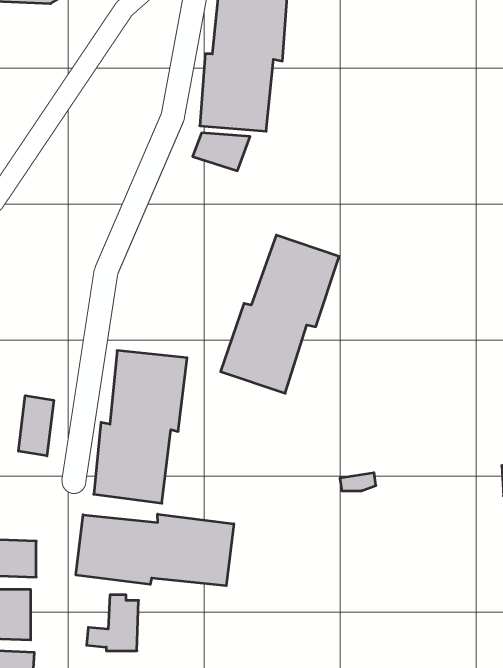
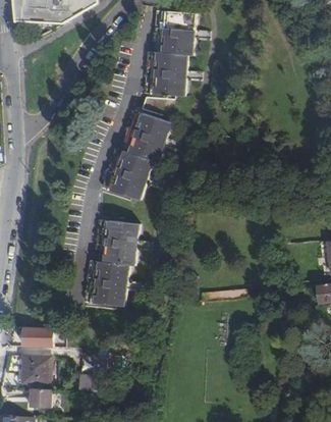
building: [221,235,339,393] -> [103,111,170,201]
building: [19,396,54,456] -> none
building: [76,514,234,586] -> none

